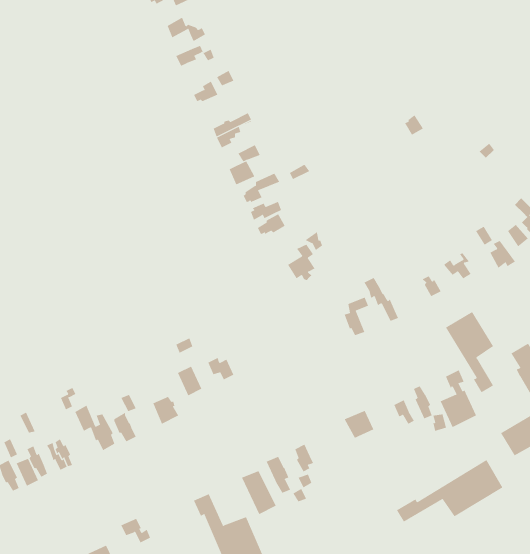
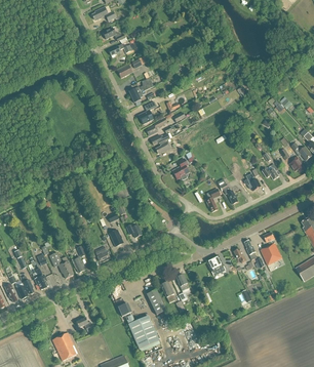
building: [445,311,494,393] -> none
building: [396,459,503,523] -> none

